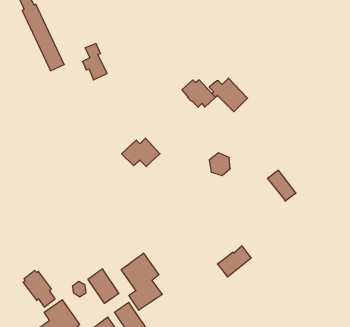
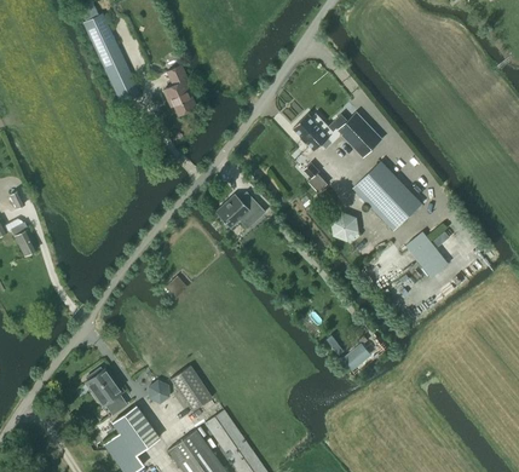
building: none -> [352,160,422,231]
building: [121,253,162,310] -> none

